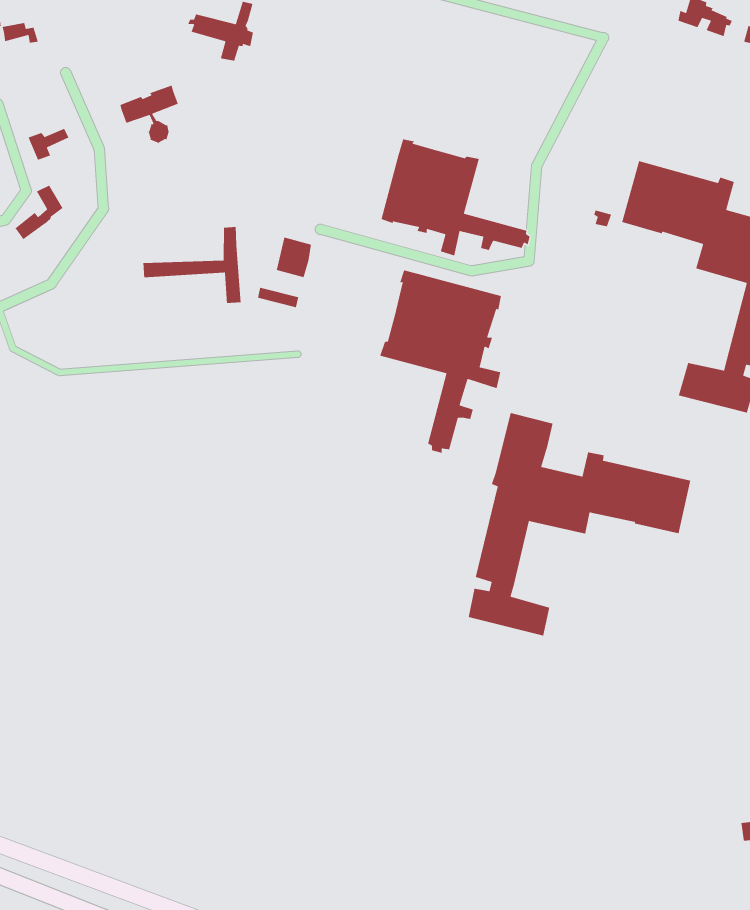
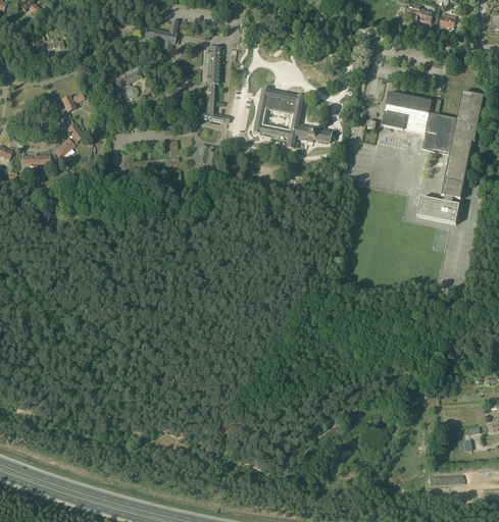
building: none -> [195,43,222,120]
building: [379,269,502,454] -> none
building: [468,412,691,637] -> none

